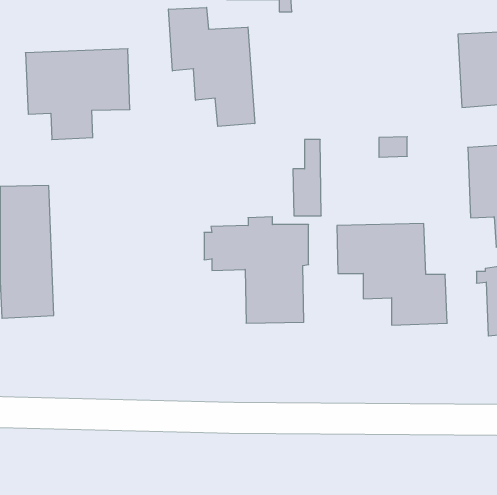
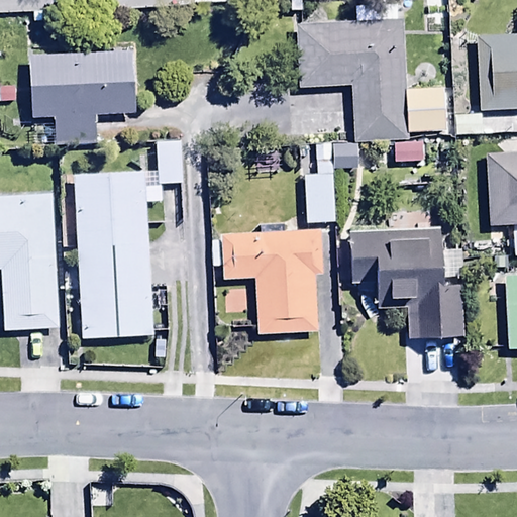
building: none -> [296,4,444,141]
building: [169,7,255,126] -> none
building: none -> [74,141,184,339]

